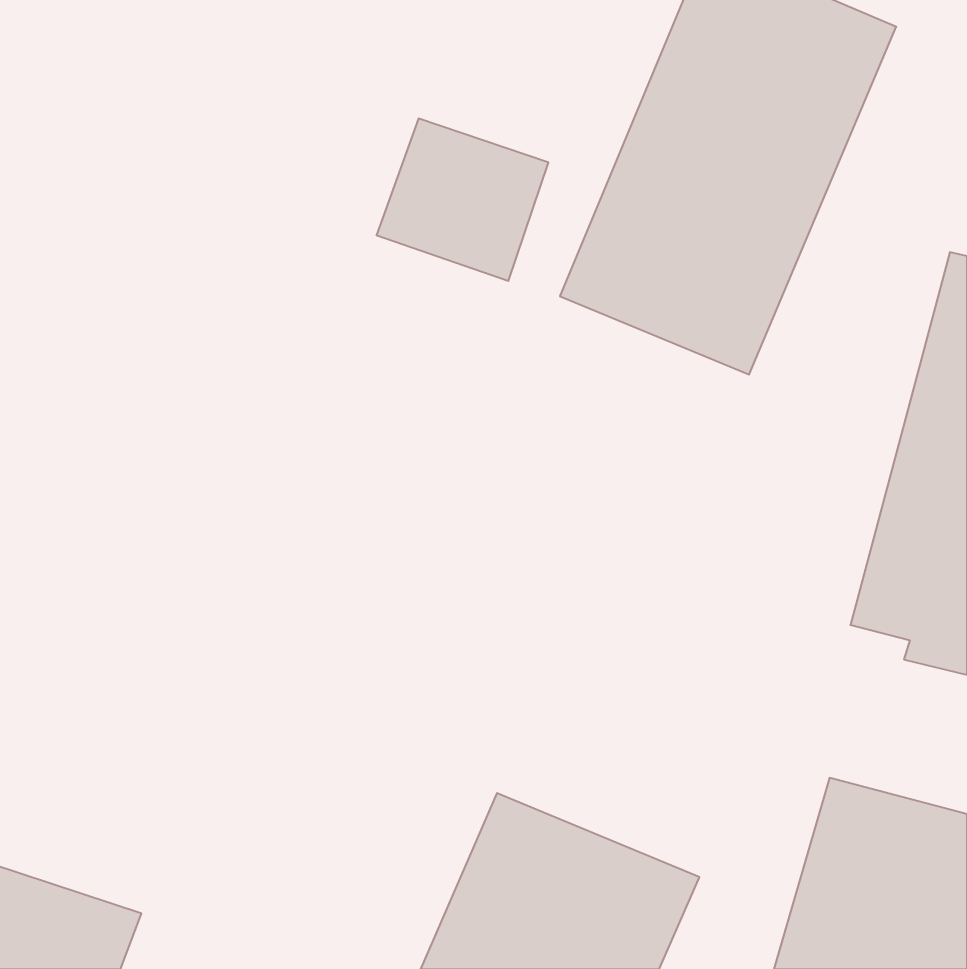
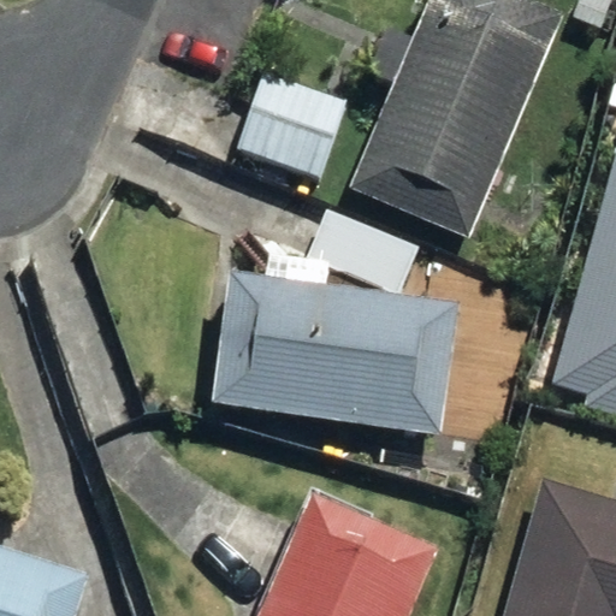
building: none -> [219,276,462,432]

